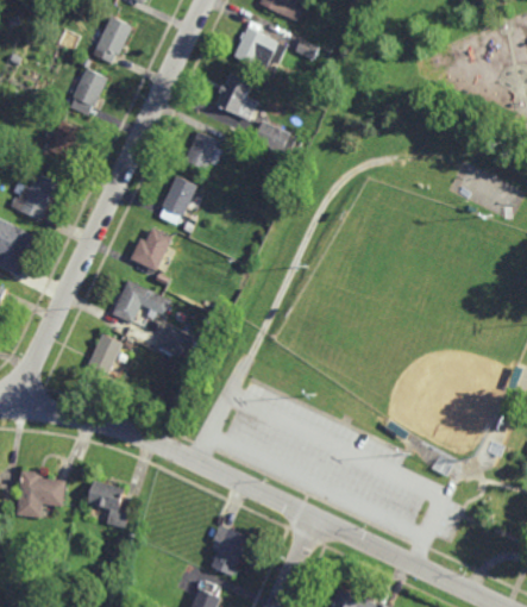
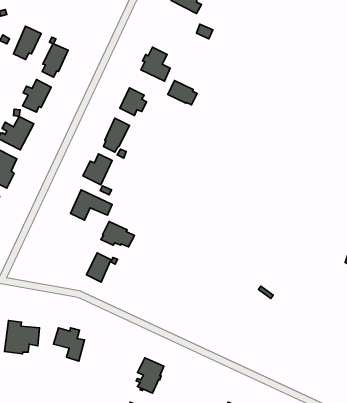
building: [93,14,133,63] -> [13,26,41,60]
building: [232,29,287,71] -> none
building: [87,333,132,376] -> [87,253,118,282]

